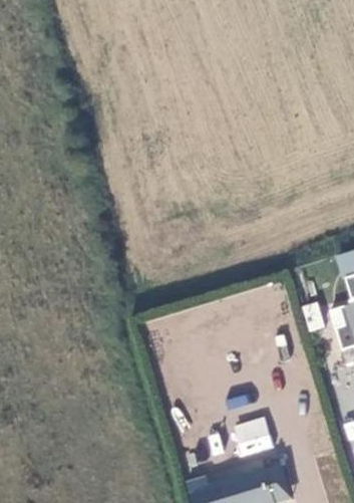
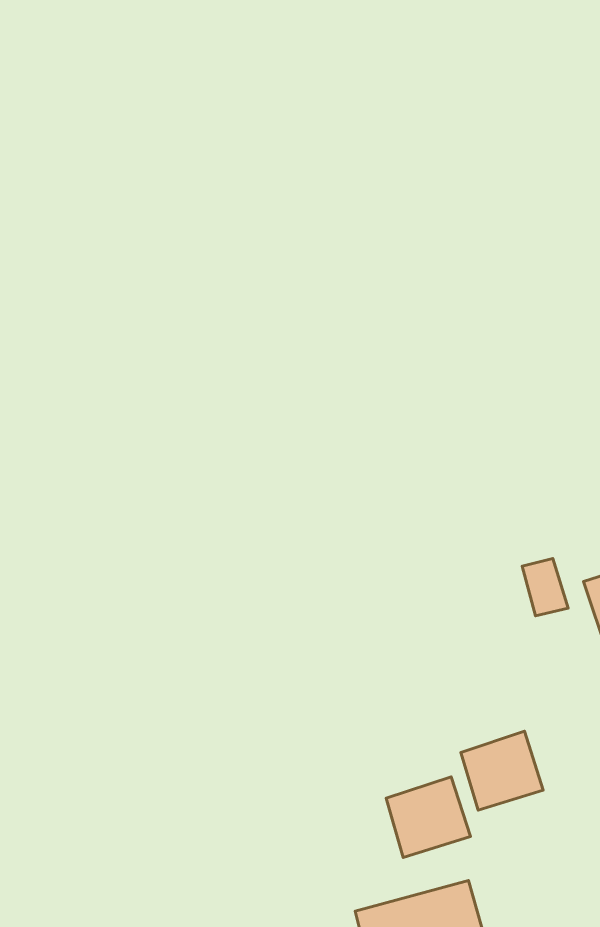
building: none -> [461,731,543,810]

